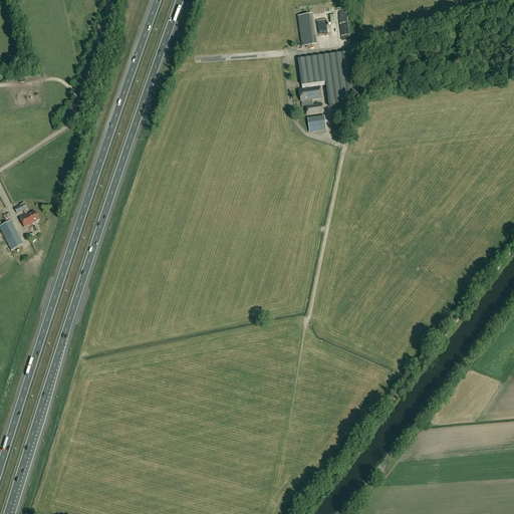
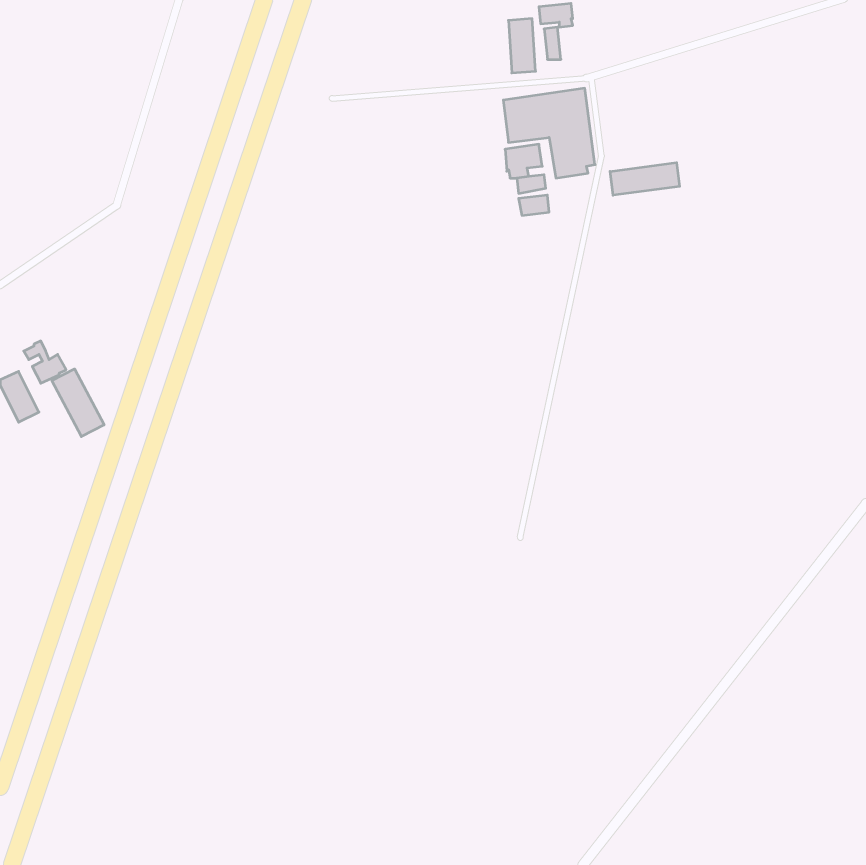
building: none -> [610,163,680,195]
building: none -> [52,369,104,437]

